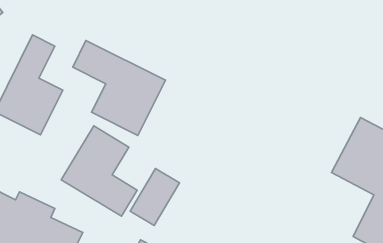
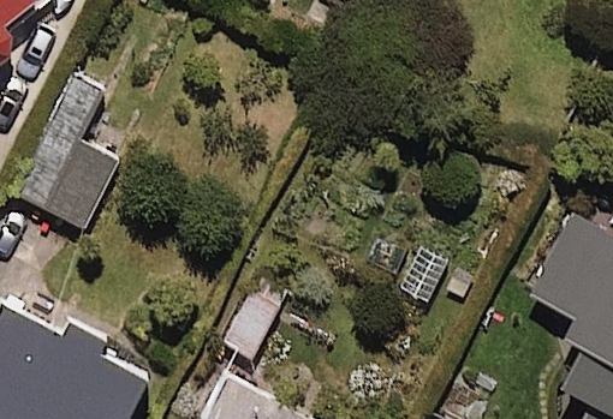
building: [73,41,165,135] -> none
building: [61,126,137,216] -> none

